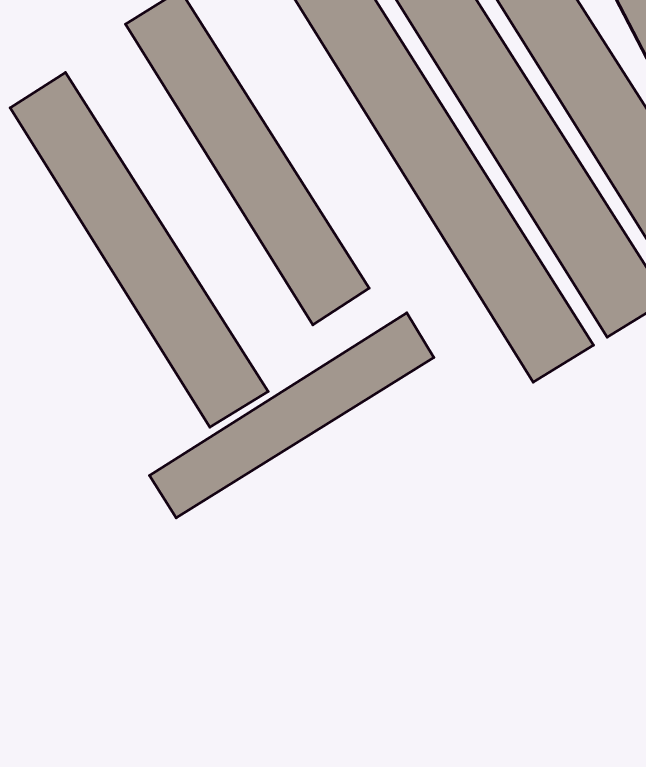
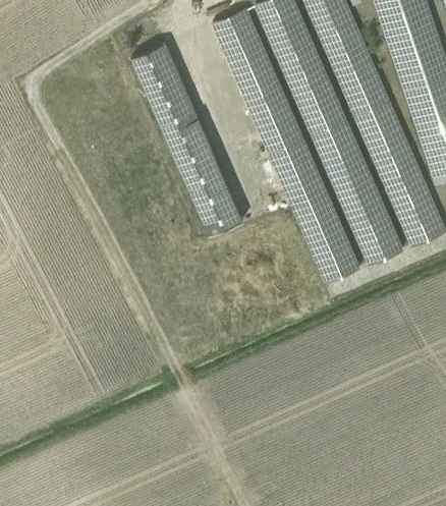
building: [10,73,268,427] -> none
building: [149,313,434,518] -> none

